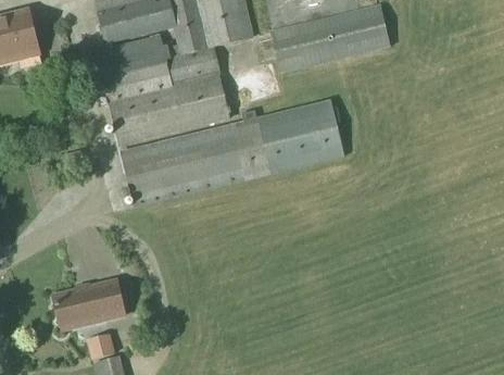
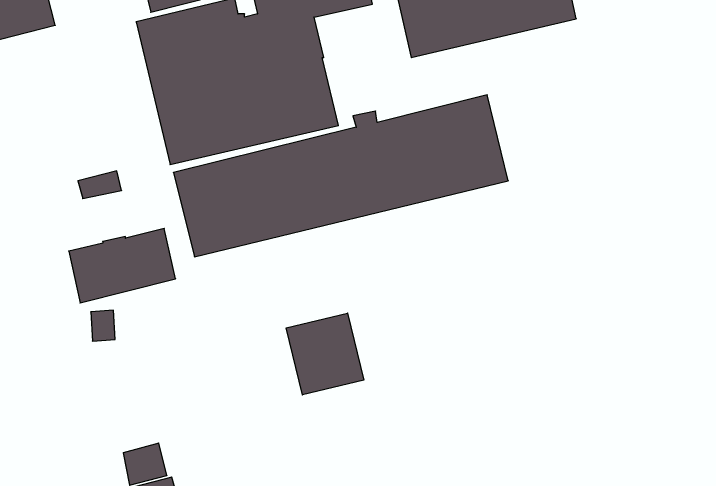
building: none -> [286,313,364,395]
building: [53,279,125,329] -> [69,228,176,303]

